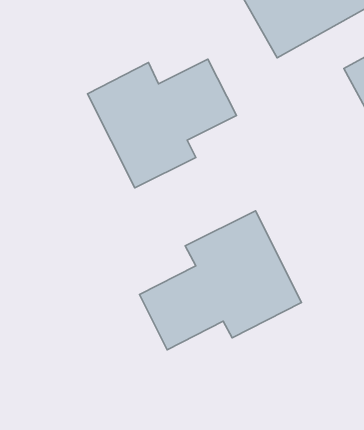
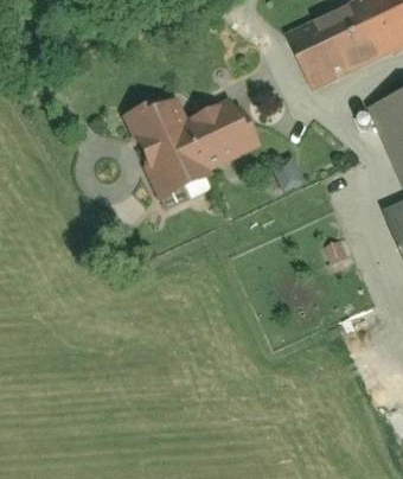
building: [140,211,302,350] -> none

